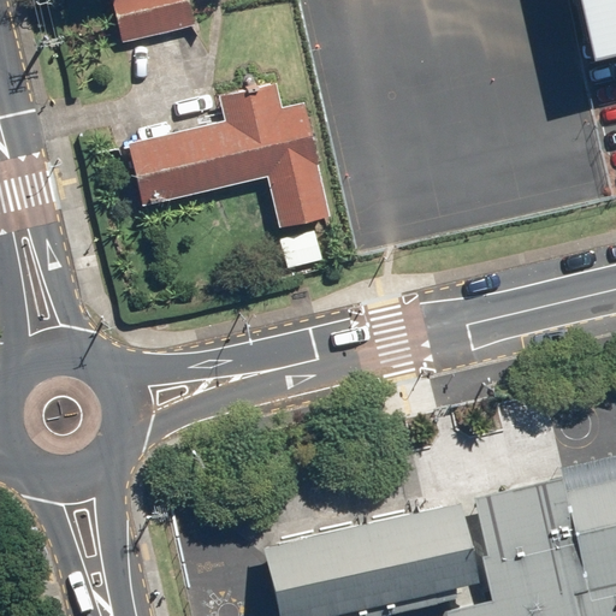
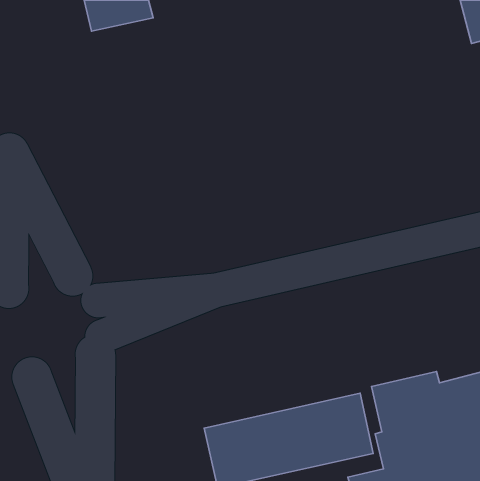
building: [126,75,331,230] -> none

